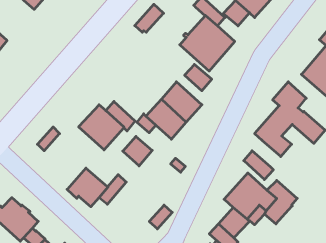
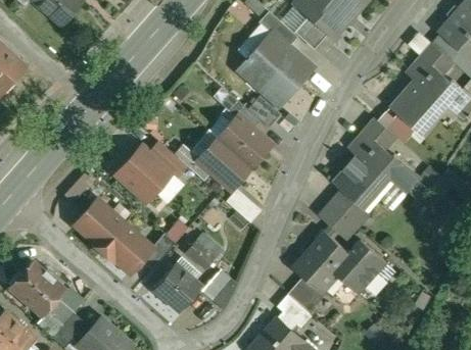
building: [135,4,164,32] -> [237,24,273,59]
building: [123,136,152,166] -> [186,233,223,269]
building: none -> [331,190,367,223]
building: none -> [76,200,125,251]
building: none -> [152,262,202,312]

